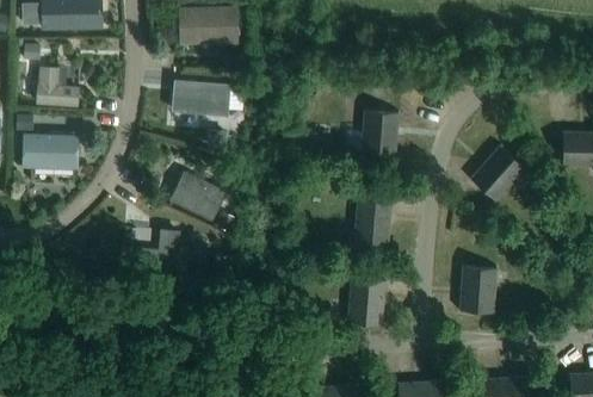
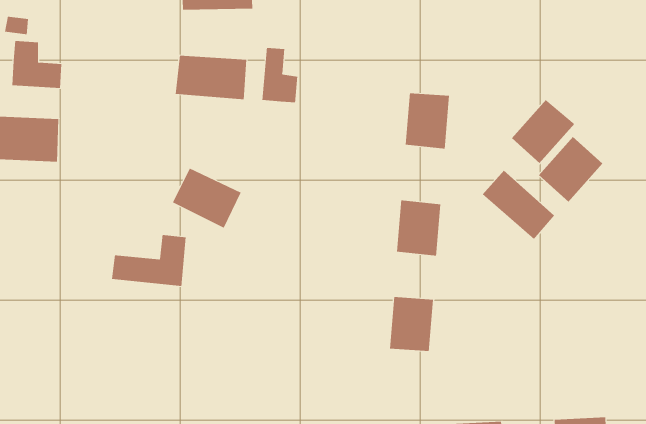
building: none -> [262,47,298,103]
building: none -> [511,99,575,164]
building: none -> [482,170,555,240]
building: [461,267,496,312] -> none

